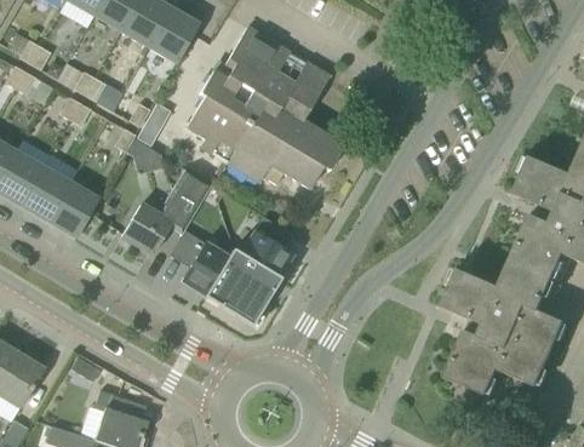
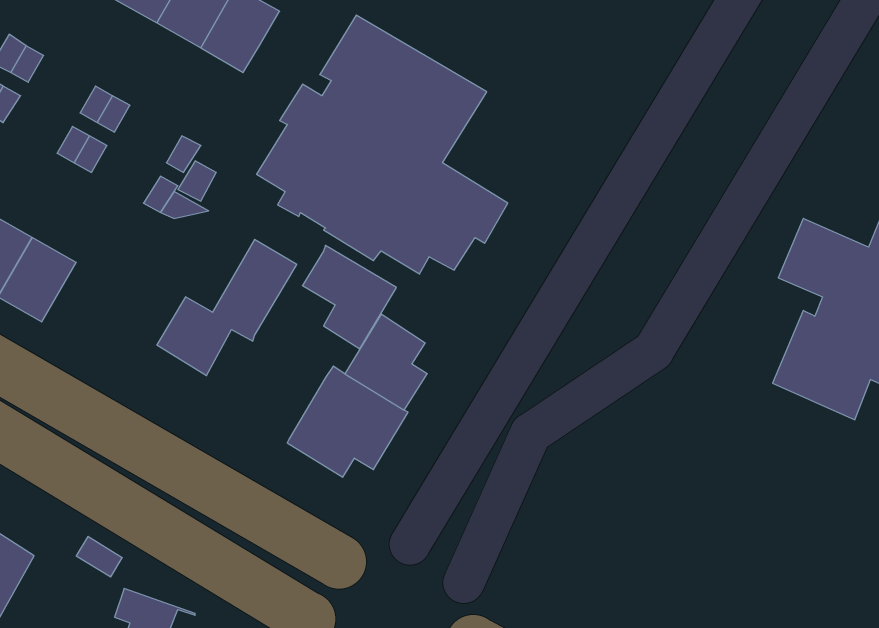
building: [48,172,98,237] -> none
building: [168,229,228,294] -> [302,245,396,349]
building: [441,259,565,395] -> none

